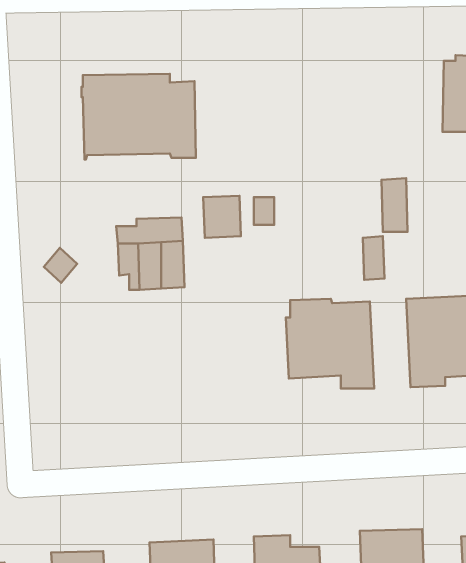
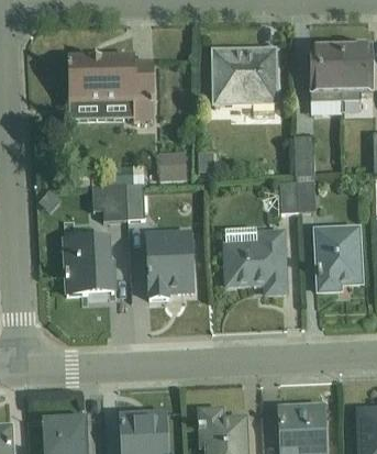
building: none -> [211,46,278,114]
building: none -> [309,46,342,113]
building: none -> [296,176,315,211]
building: none -> [145,230,195,298]
building: none -> [65,237,113,292]

